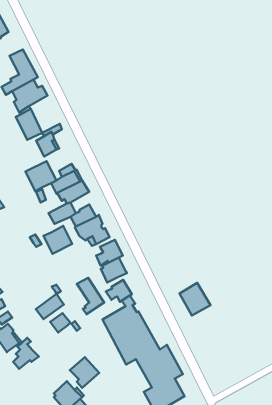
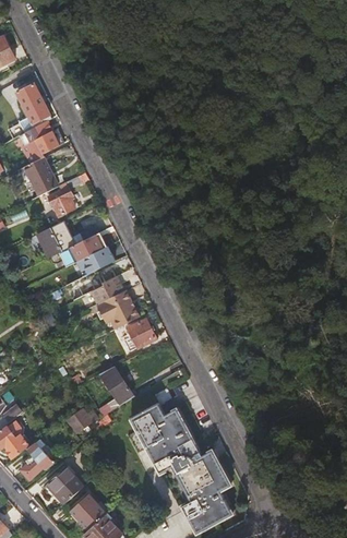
building: [44,226,72,254] -> none
building: [101,258,127,282] -> none
building: [106,280,132,302] -> none
building: [179,283,211,316] -> none
building: [36,294,64,319] -> none
building: [70,357,99,388] -> [45,466,81,504]

